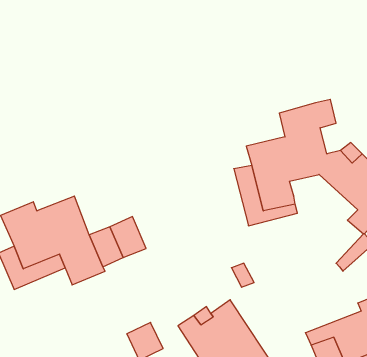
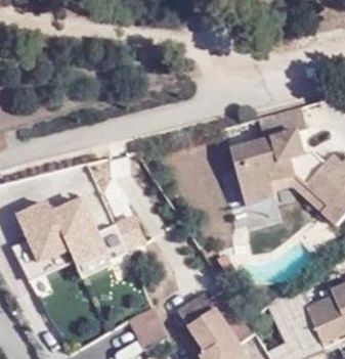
building: none -> [273,173,335,214]

